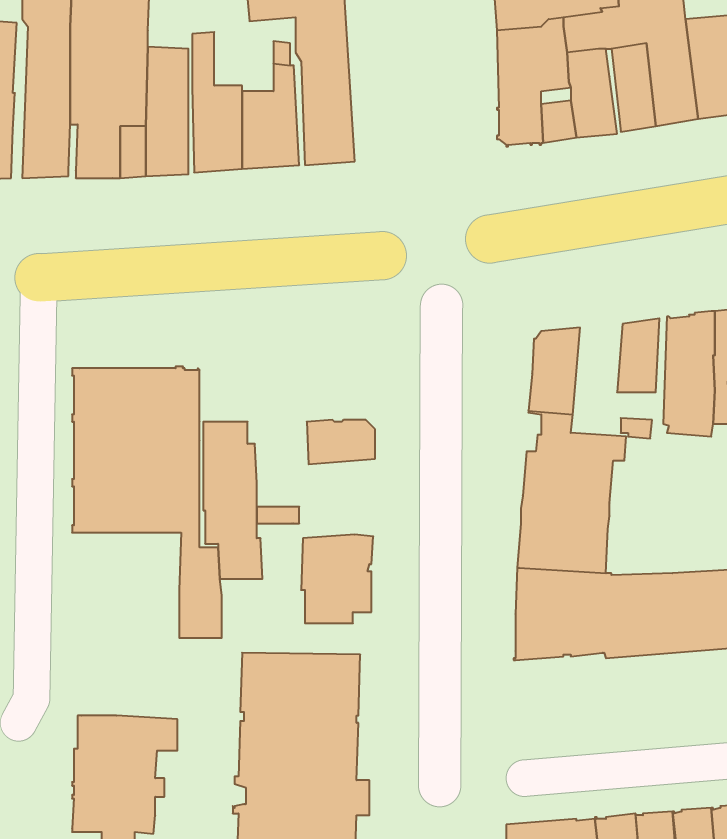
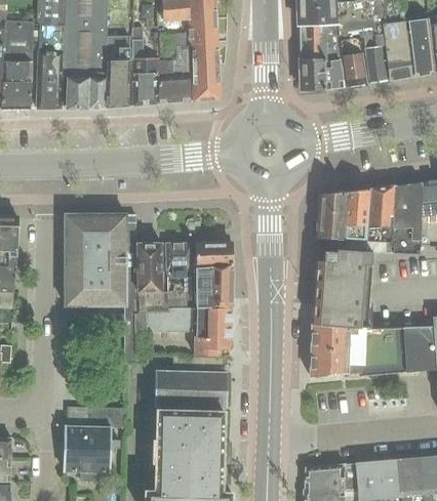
building: none -> [342,190,369,241]
building: none -> [165,244,190,278]
building: none -> [195,264,232,307]

